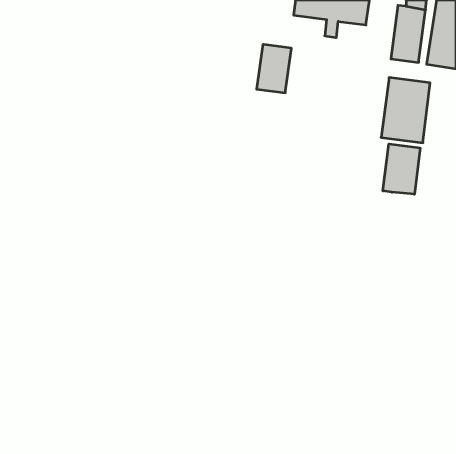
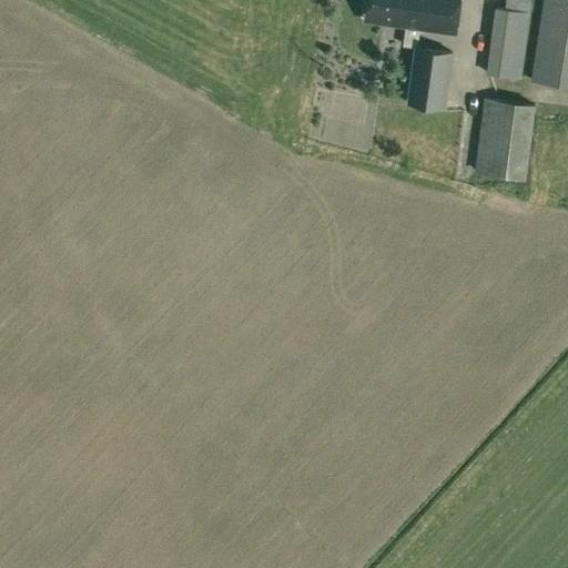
building: [257,45,291,93] -> [409,49,453,109]
building: [383,144,420,194] -> none

